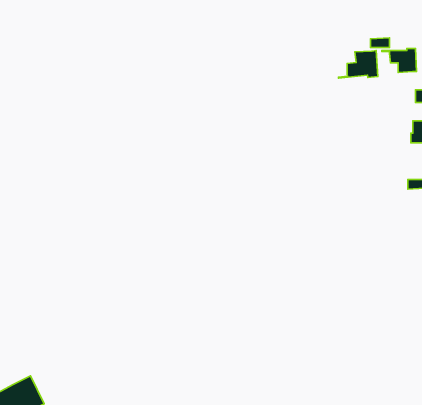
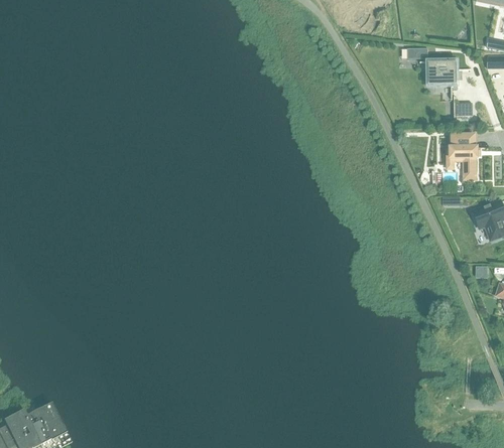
building: [338,51,378,78] -> none

